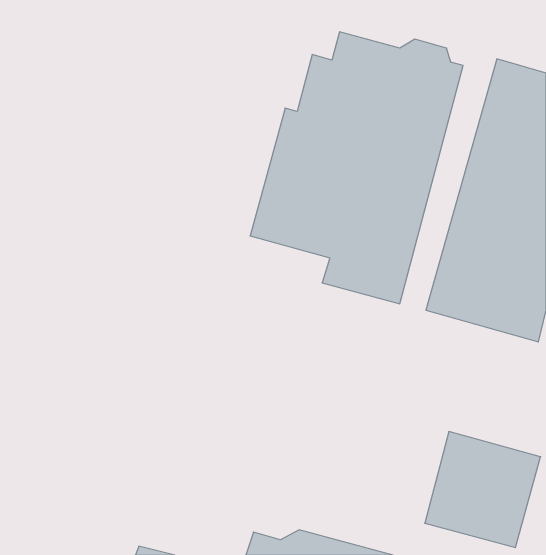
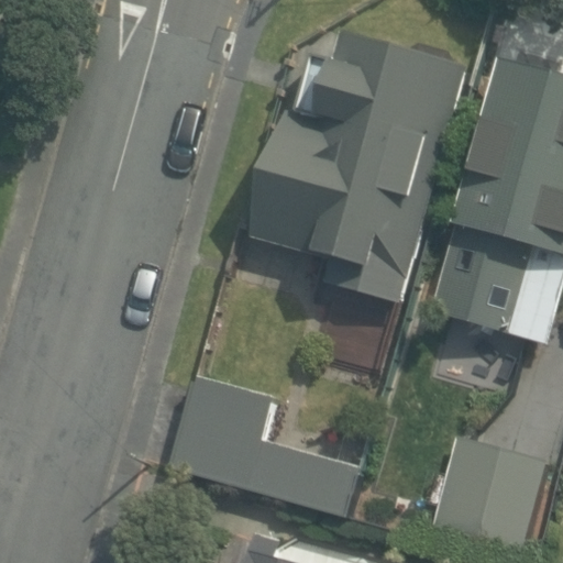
building: none -> [170,377,357,515]

